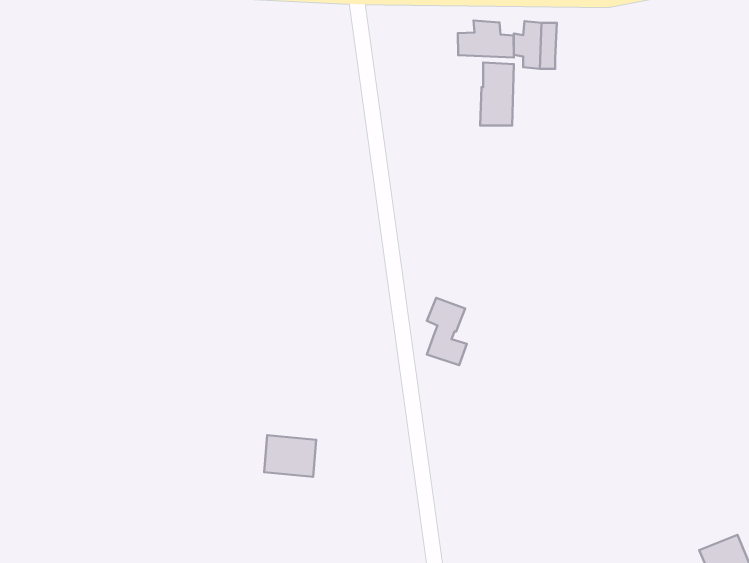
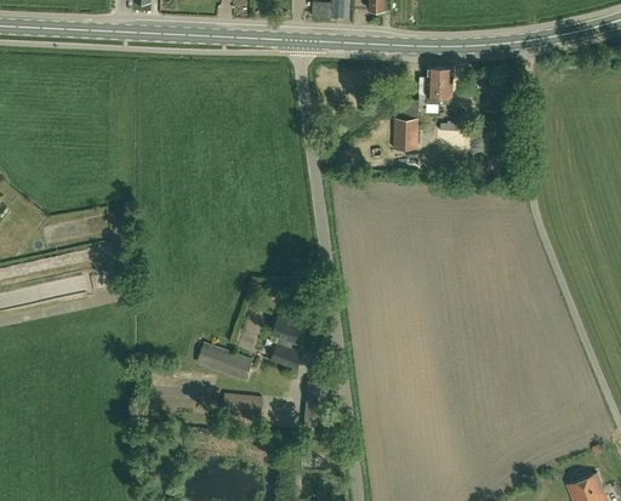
building: [458,21,514,58] -> none
building: [427,298,467,365] -> [272,315,303,369]
building: none -> [196,342,252,380]

